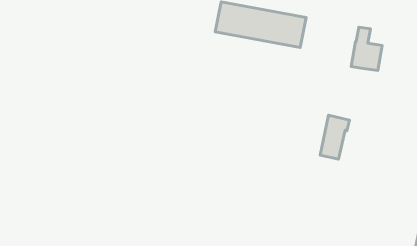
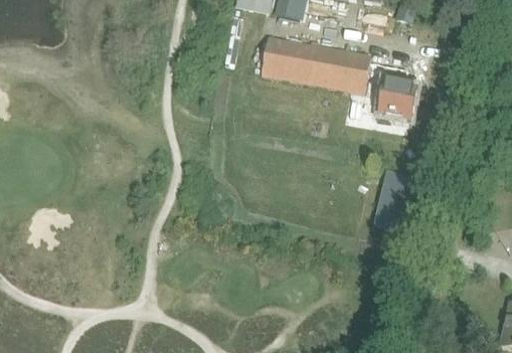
building: [351,27,382,71] -> [378,66,415,119]

